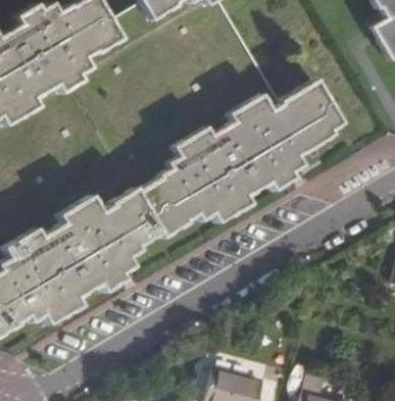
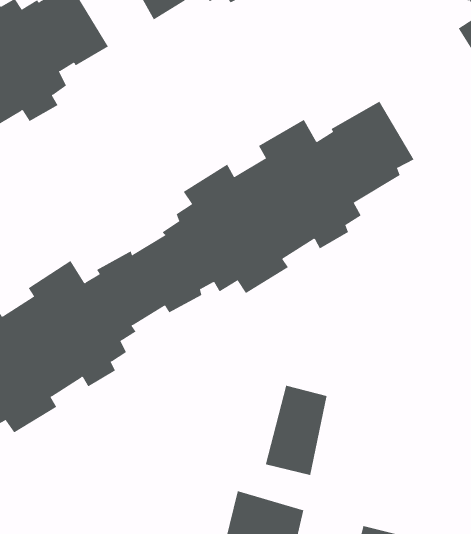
building: none -> [265,385,327,476]

